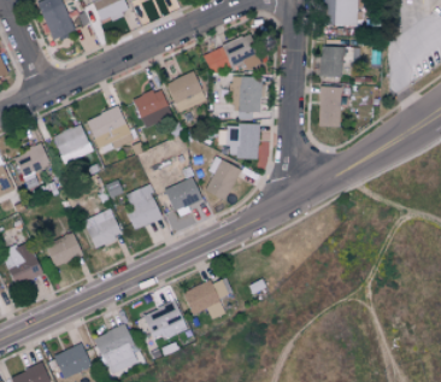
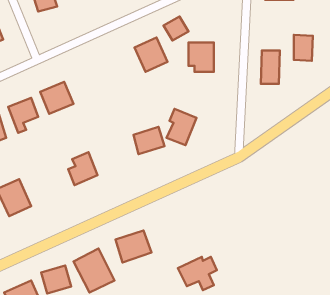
building: [223,34,261,70] -> none
building: [321,46,343,77] -> [294,35,313,61]
building: [134,89,171,127] -> none
building: [87,106,133,154] -> none
building: [218,125,259,158] -> none
building: [125,184,164,230] -> none
building: [45,234,81,266] -> none
building: [182,280,229,319] -> [178,257,217,290]

